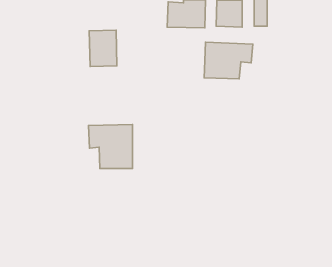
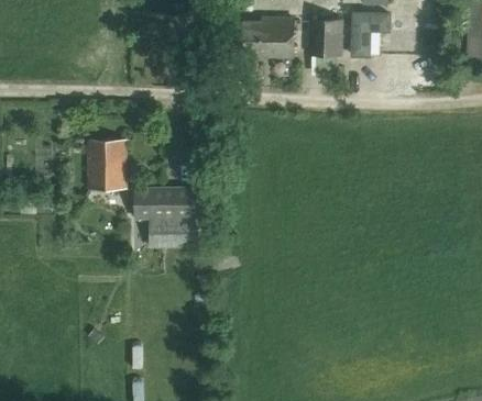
building: [89,30,117,67] -> [88,140,125,189]
building: [204,42,253,79] -> none

